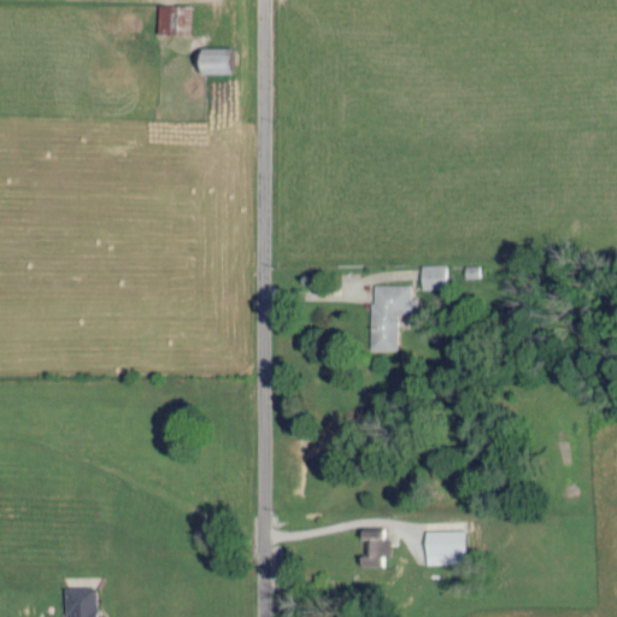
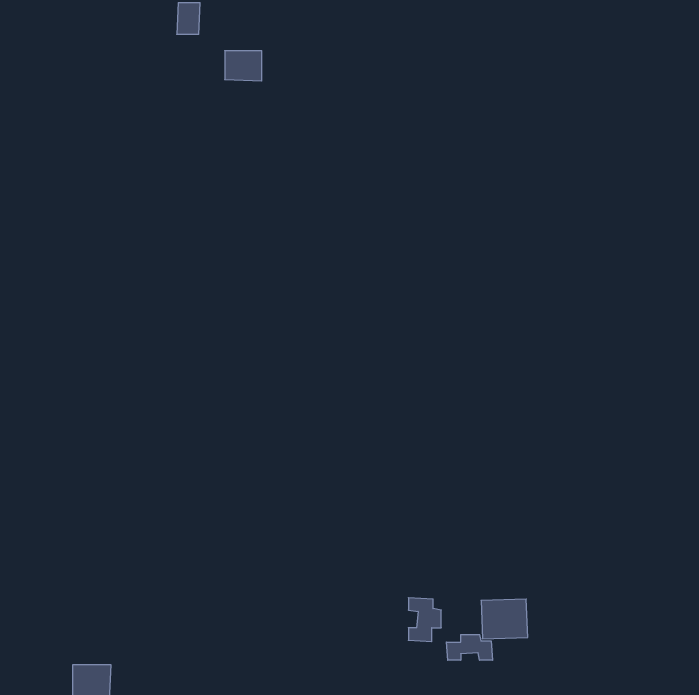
building: [421,266,446,290] -> none
building: [371,287,417,352] -> none
building: none -> [446,635,493,660]

